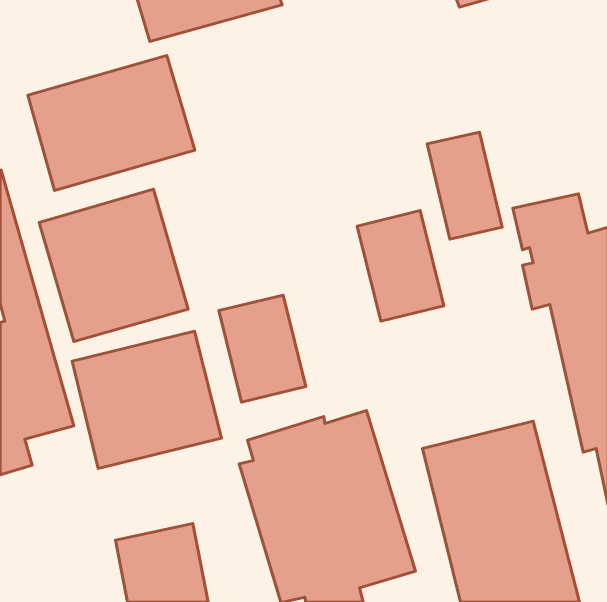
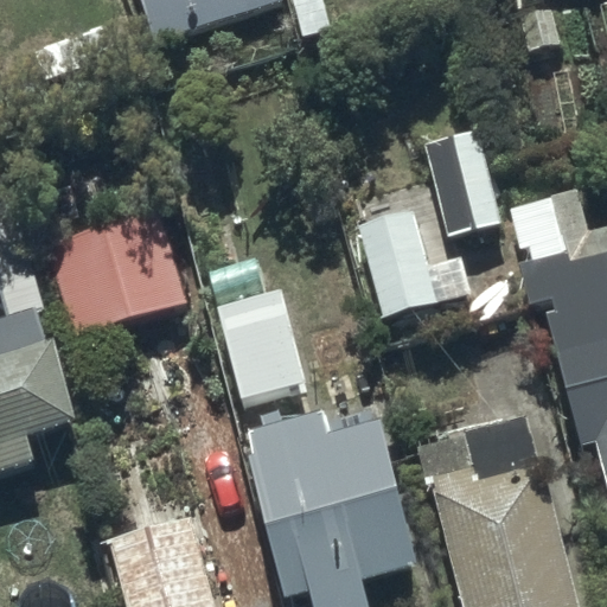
building: [28,56,195,191] -> none
building: [72,331,222,468] -> none

